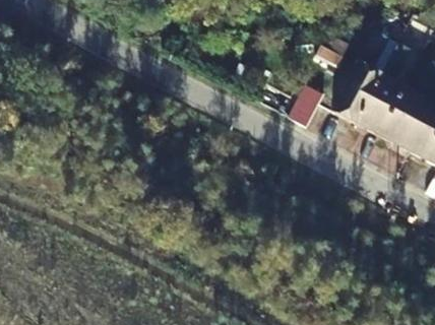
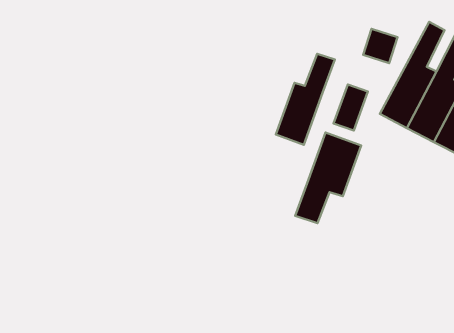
building: none -> [276,54,335,145]
building: none -> [295,133,361,223]

